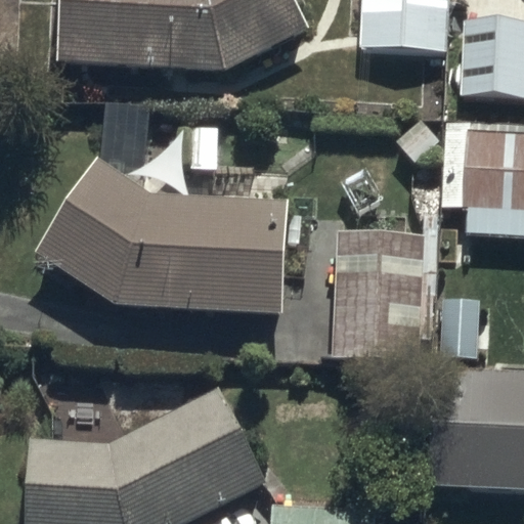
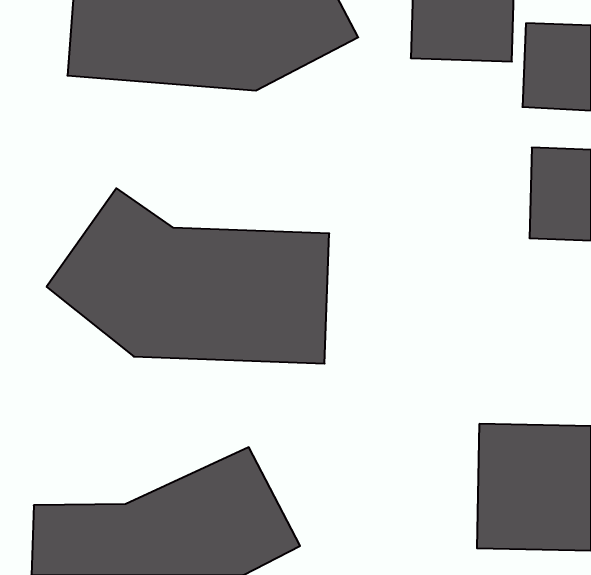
building: [333,235,424,362] -> none

